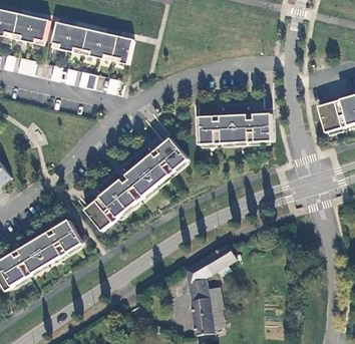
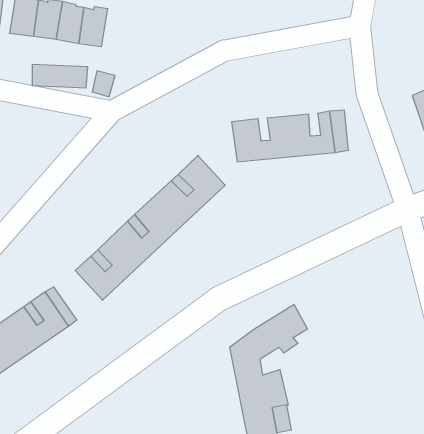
building: [111,34,132,63] -> none

